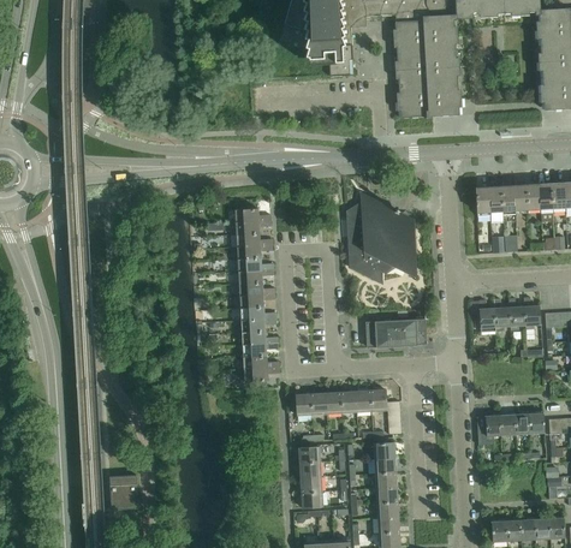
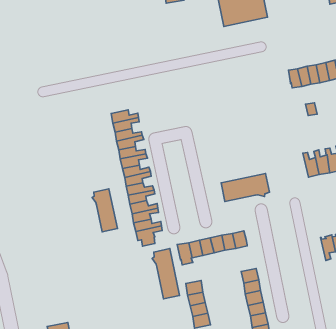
building: [346,198,414,282] -> none
building: none -> [92,189,117,232]
building: none -> [152,249,179,299]

